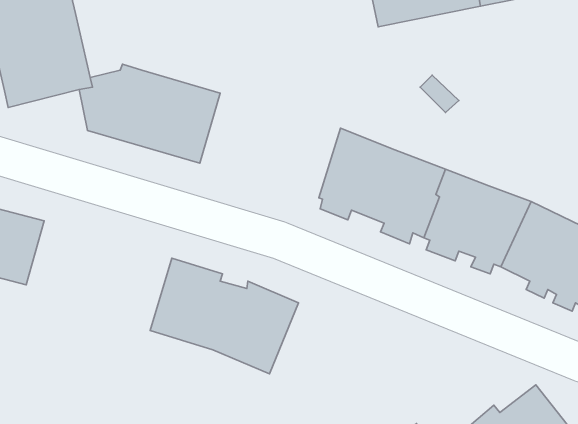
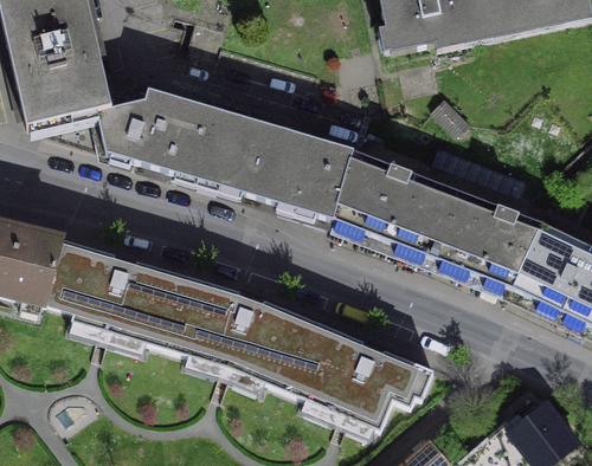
building: none -> [215,115,354,218]
building: none -> [45,240,188,348]
building: none -> [284,321,432,429]

